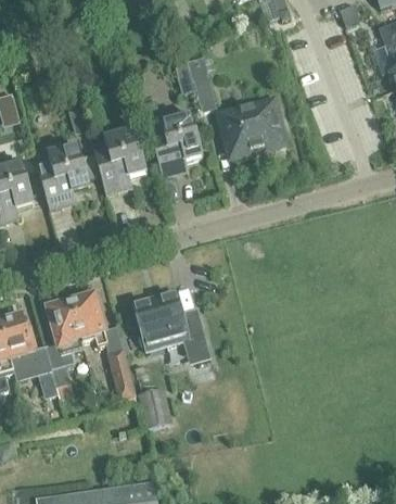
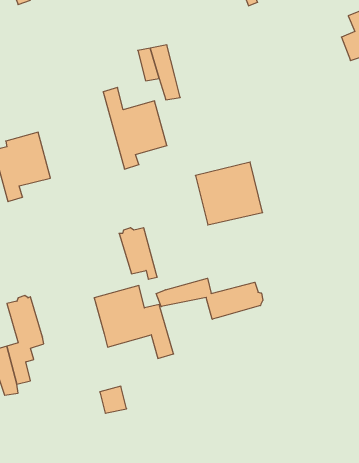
building: [221,96,286,156] -> [195,162,263,225]
building: [91,126,146,192] -> none
building: none -> [156,278,263,319]
building: [71,295,107,345] -> [119,228,157,279]
building: [106,348,136,399] -> none

